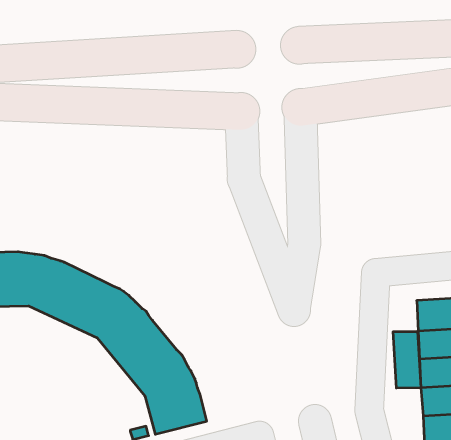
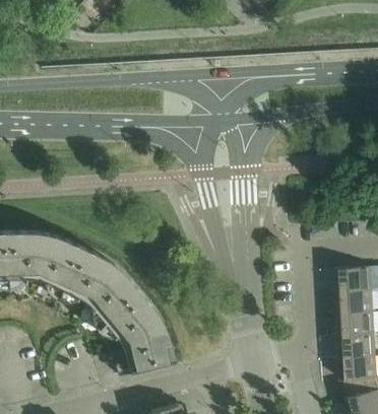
building: [393,331,421,388] -> none

